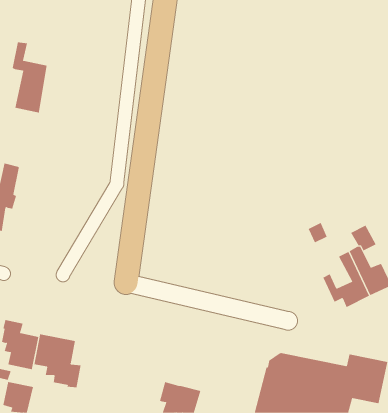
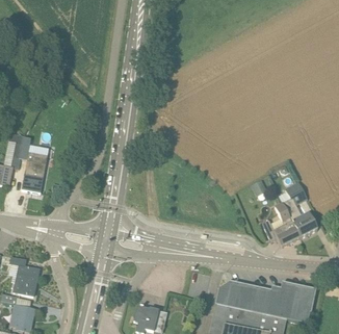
building: [12,42,47,113] -> [19,136,47,192]
building: [34,333,81,388] -> none

